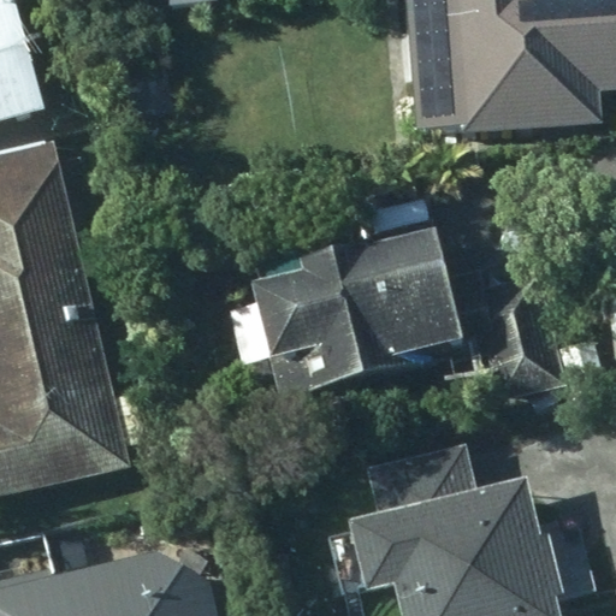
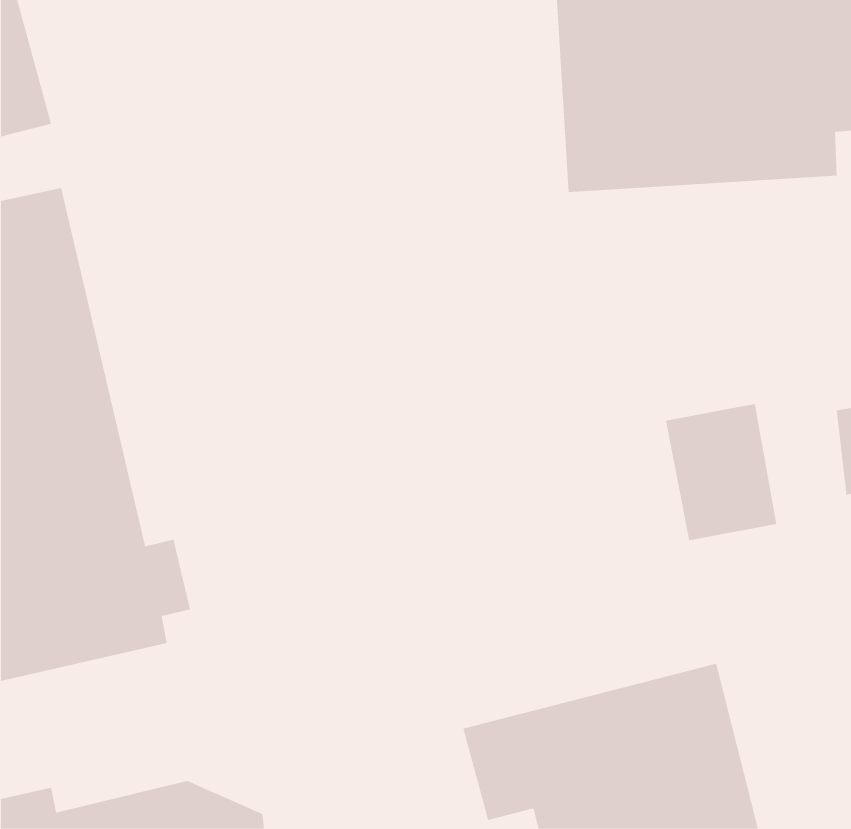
building: [244,238,451,397] -> none

